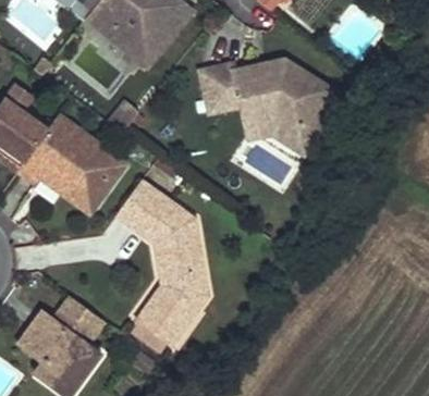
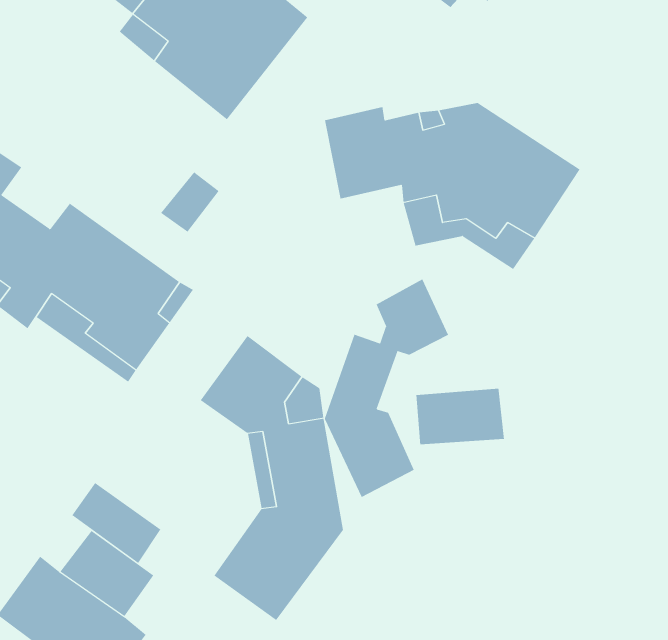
building: none -> [324,279,449,498]
building: none -> [416,388,505,445]
building: none -> [71,482,161,564]

